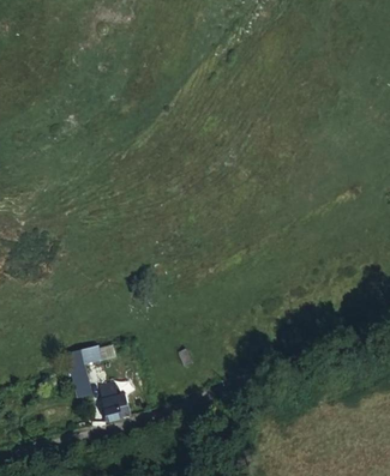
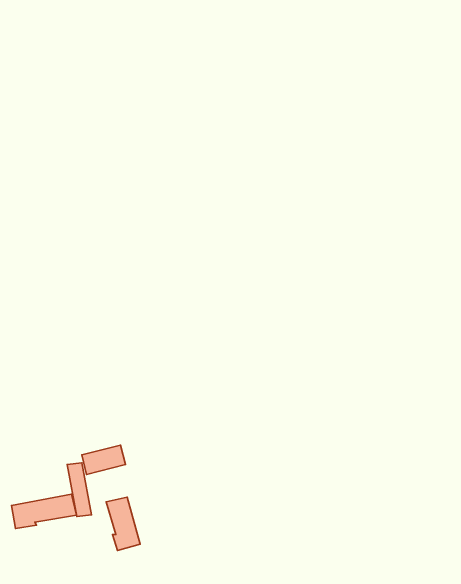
building: none -> [12,494,77,529]

